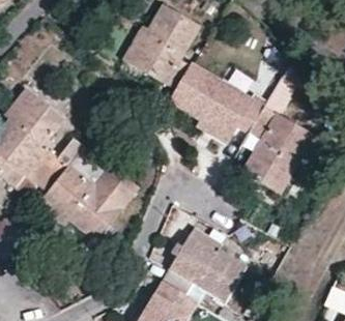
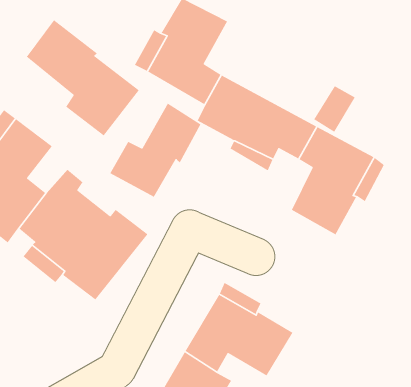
building: none -> [26,19,140,136]
building: none -> [109,102,202,198]

